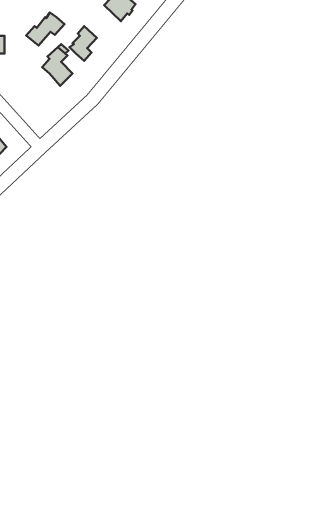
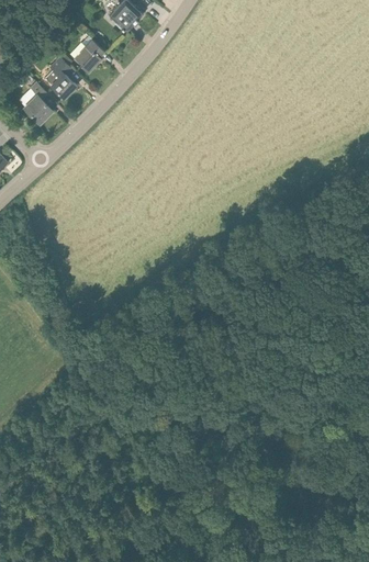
building: [26,12,64,46] -> none
building: none -> [24,82,53,122]

